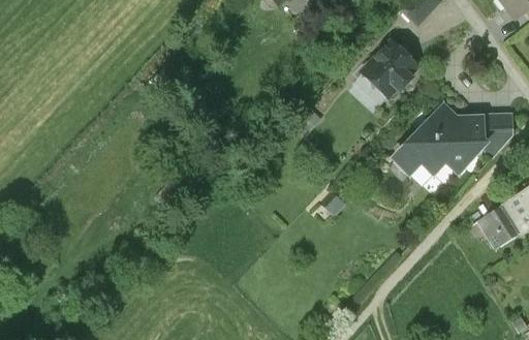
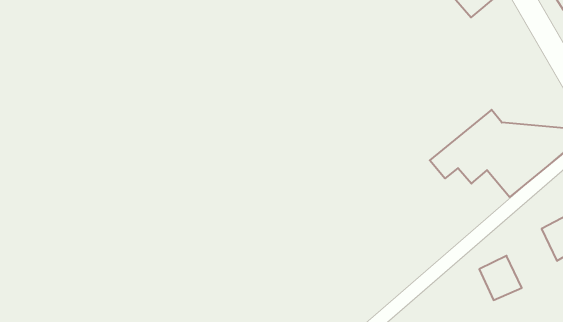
building: [360,38,421,100] -> none
building: [477,205,517,245] -> [479,256,522,300]

